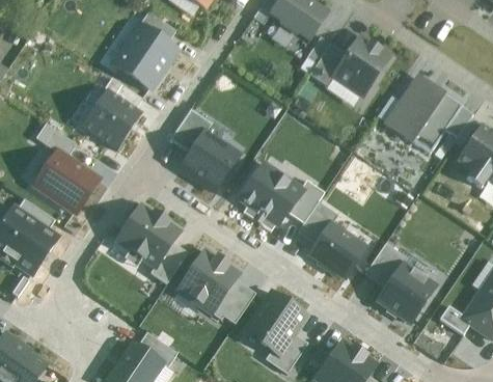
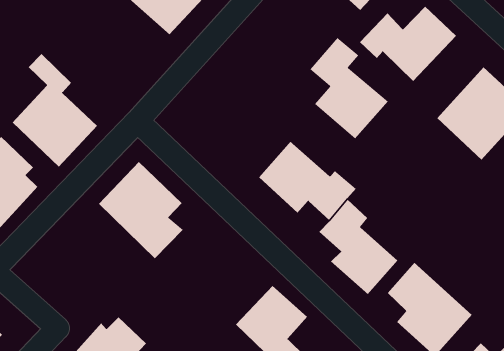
building: [82,77,143,149] -> none
building: [171,111,241,193] -> [309,37,389,139]
building: [180,250,253,323] -> none

